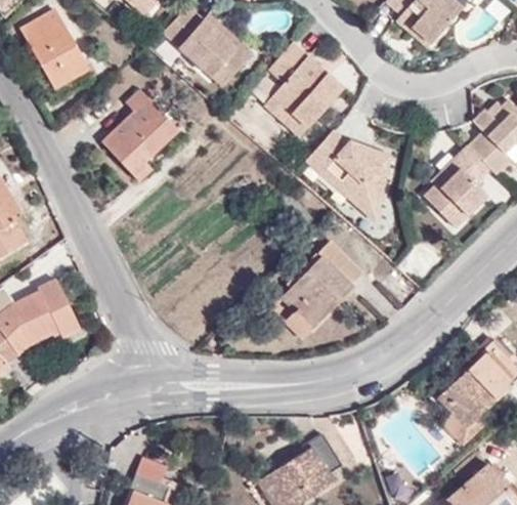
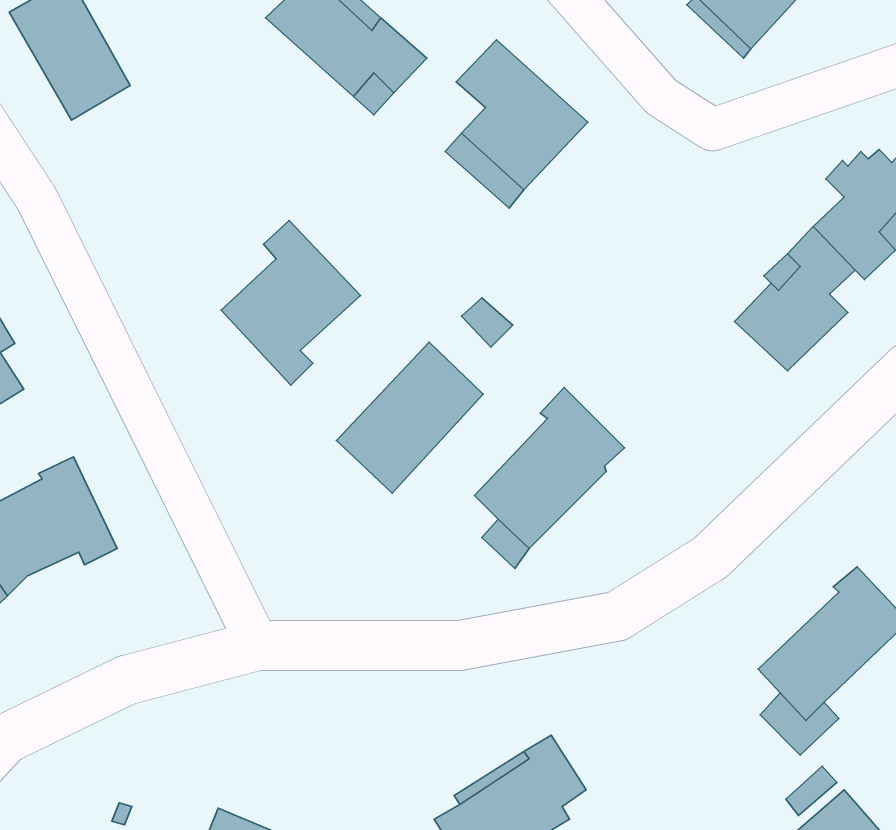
building: [101,88,179,180] -> [221,220,360,385]
building: [307,129,391,219] -> none
building: none -> [336,342,483,493]

